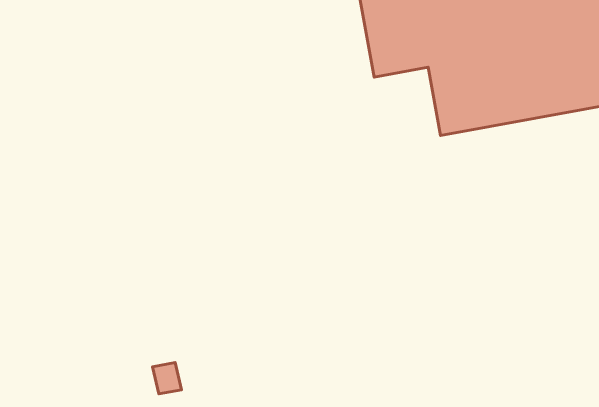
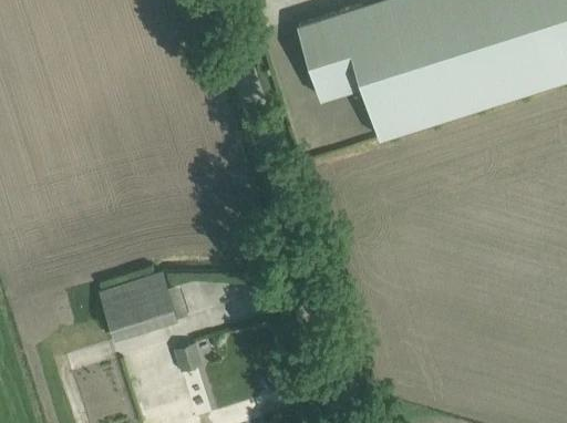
building: none -> [99,272,178,341]

